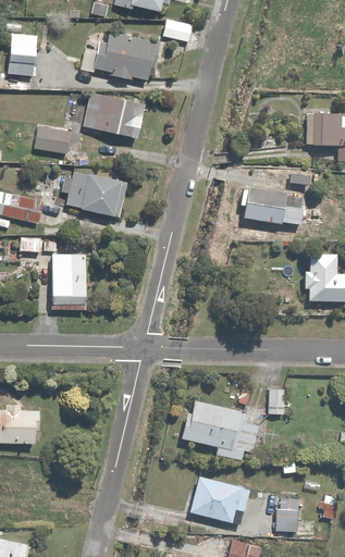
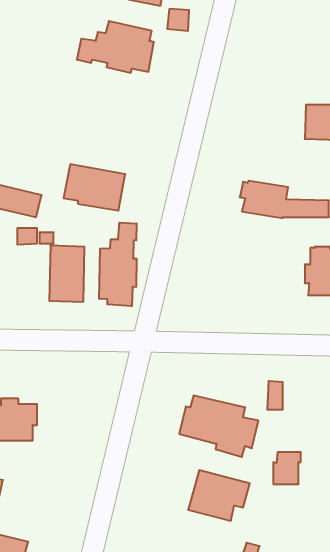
building: [9,32,38,75] -> none
building: [83,91,146,138] -> none
building: [35,125,72,152] -> none
building: none -> [99,223,137,306]
building: [275,496,303,528] -> [273,452,301,484]

